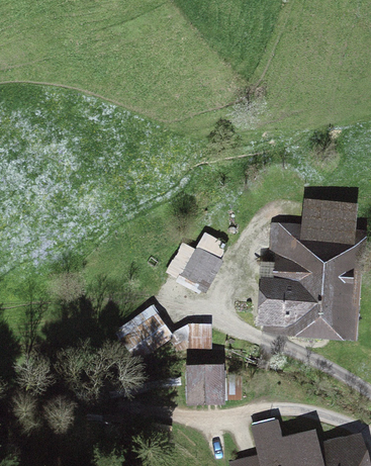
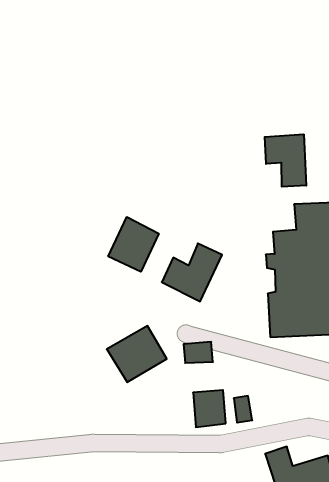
building: none -> [265,134,306,187]
building: none -> [108,217,159,272]

